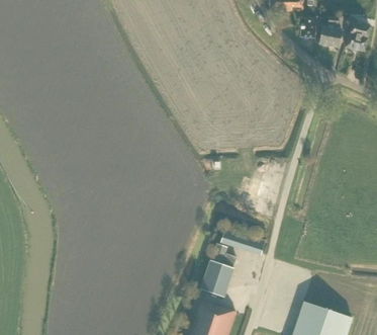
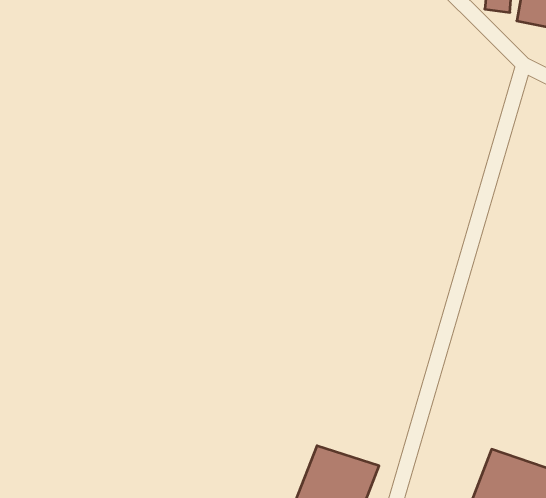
building: [200,244,237,297] -> none

